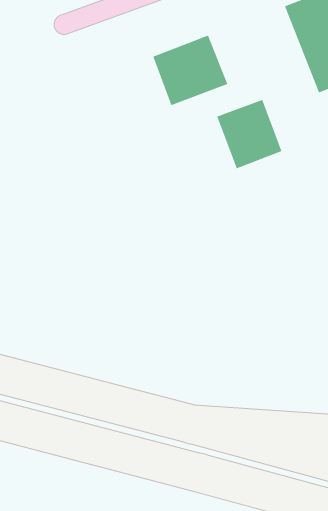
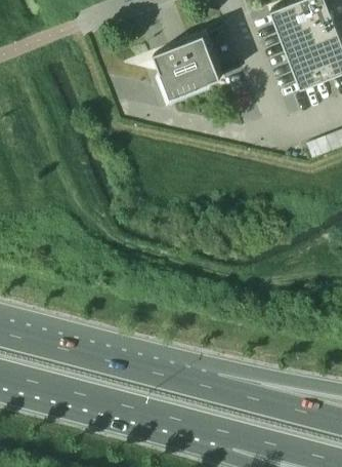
building: [216,99,282,169] -> none

